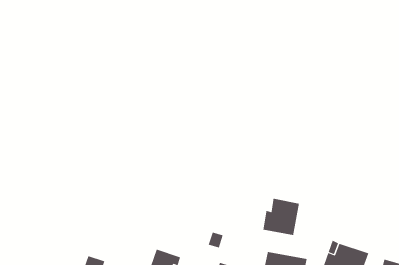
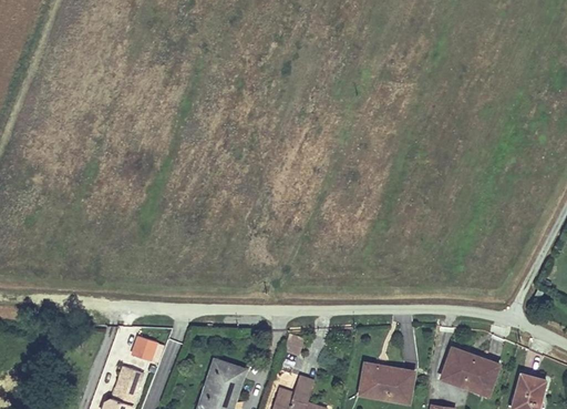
building: [263,198,299,236] -> none
building: none -> [131,336,165,364]

